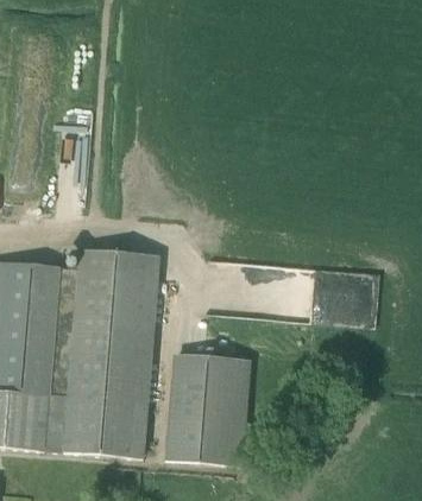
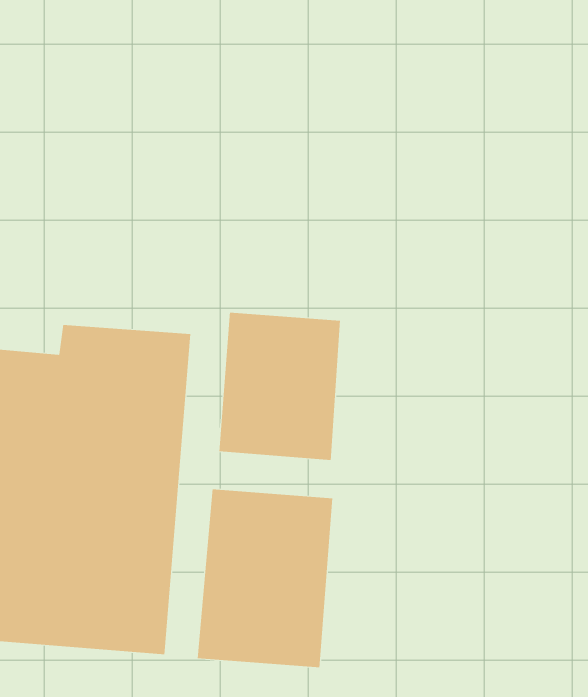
building: none -> [219,312,340,461]

